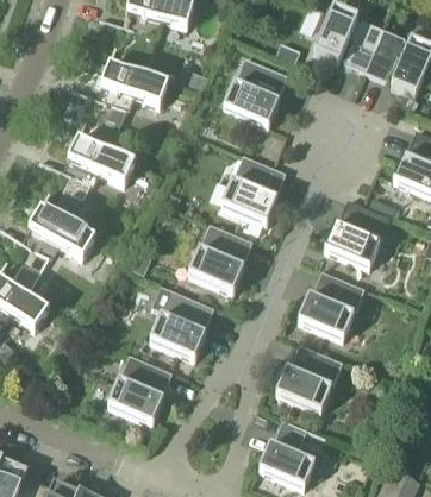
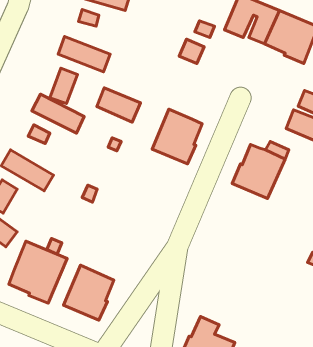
building: [223,84,279,128] -> [97,88,140,122]
building: [187,224,251,294] -> none
building: [296,271,364,340] -> none
building: [149,290,213,360] -> none
building: none -> [9,241,67,303]
building: [274,345,342,413] -> none

